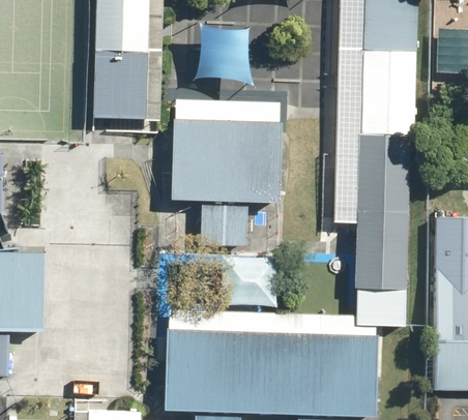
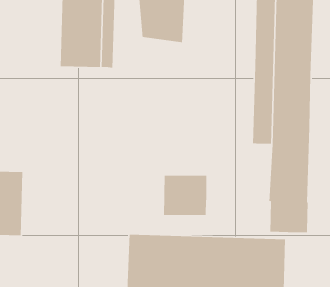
building: [169,119,280,247] -> none

